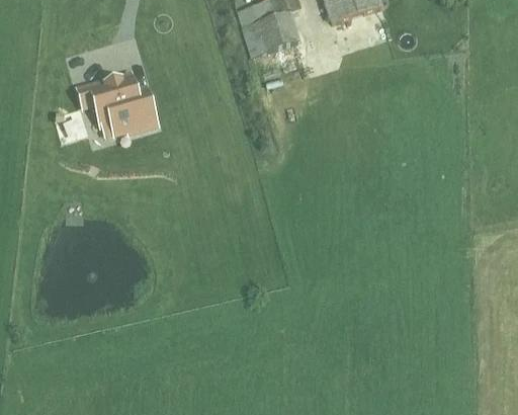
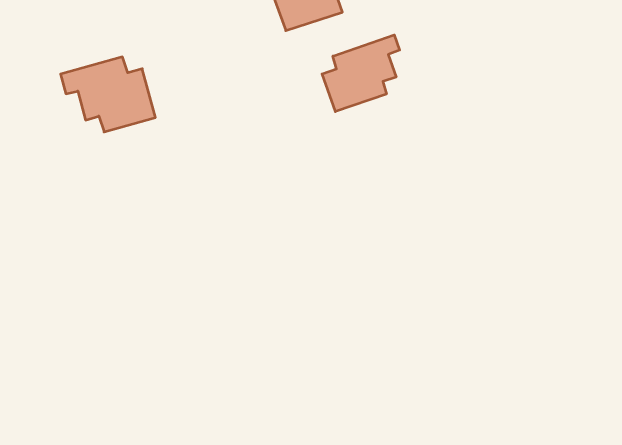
building: none -> [322,35,400,112]

